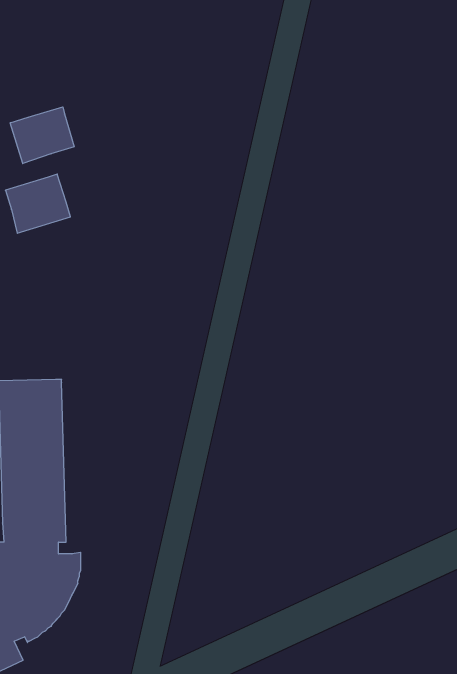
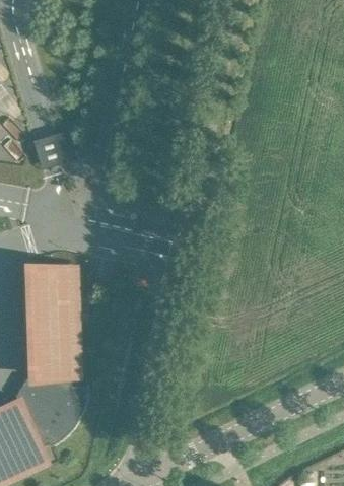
building: [10,107,74,164] -> none

